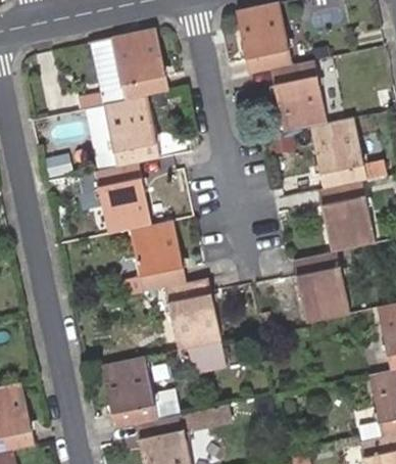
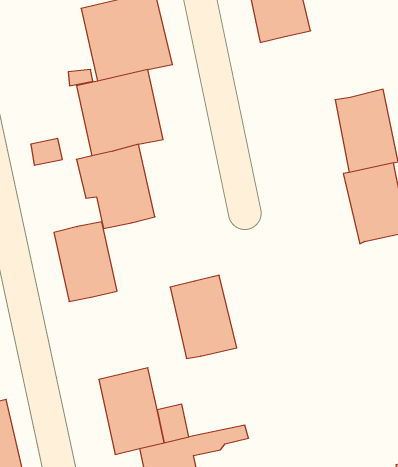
building: [266,56,324,129] -> none
building: [133,220,188,289] -> [54,222,117,302]
building: [293,245,350,319] -> none
building: [193,338,230,370] -> none

